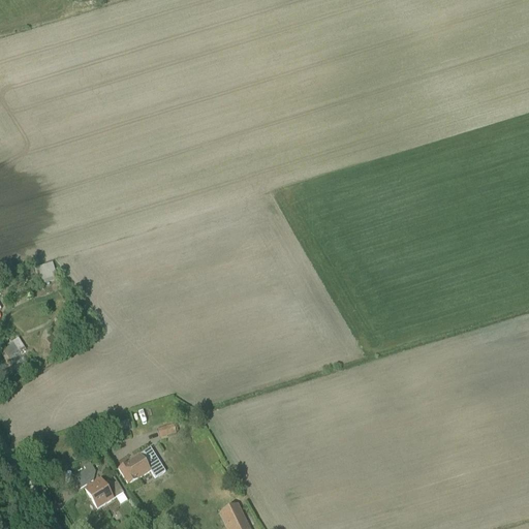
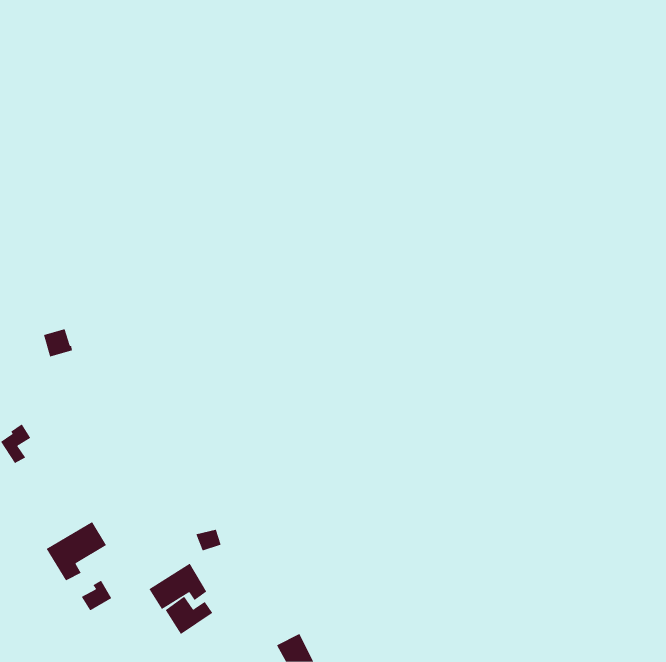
building: none -> [46,521,107,581]
building: [85,476,123,507] -> [165,596,213,635]

